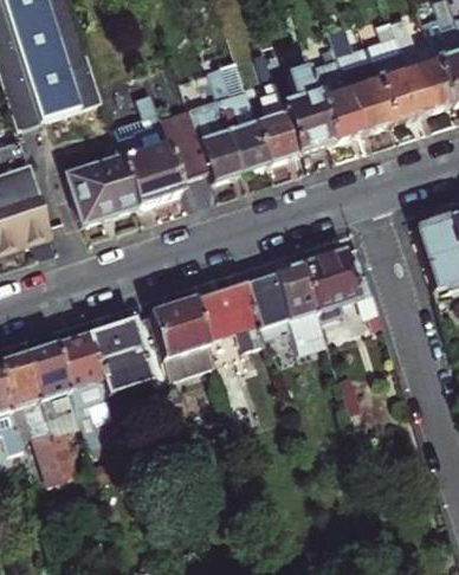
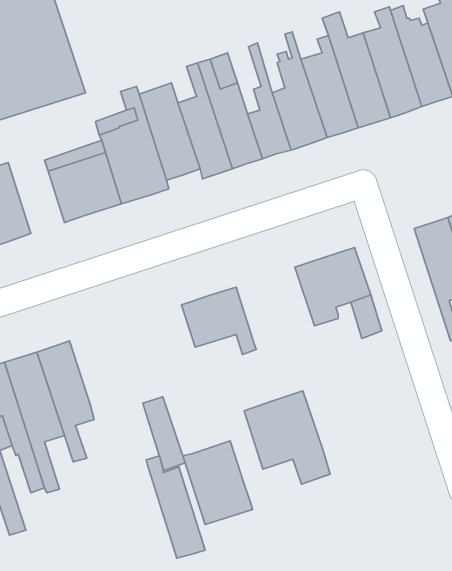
building: [246,264,328,353] -> [244,391,330,484]
building: [149,299,215,379] -> [183,441,253,524]
building: [88,319,153,395] -> none
building: none -> [146,456,205,558]

